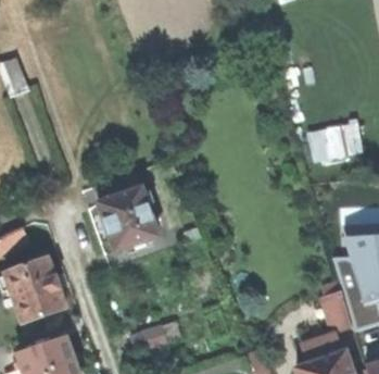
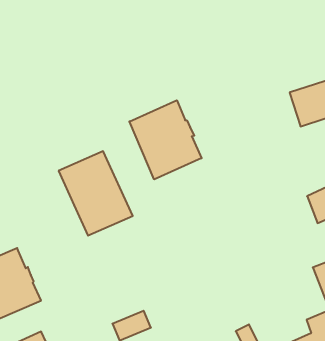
building: none -> [129,100,202,179]

